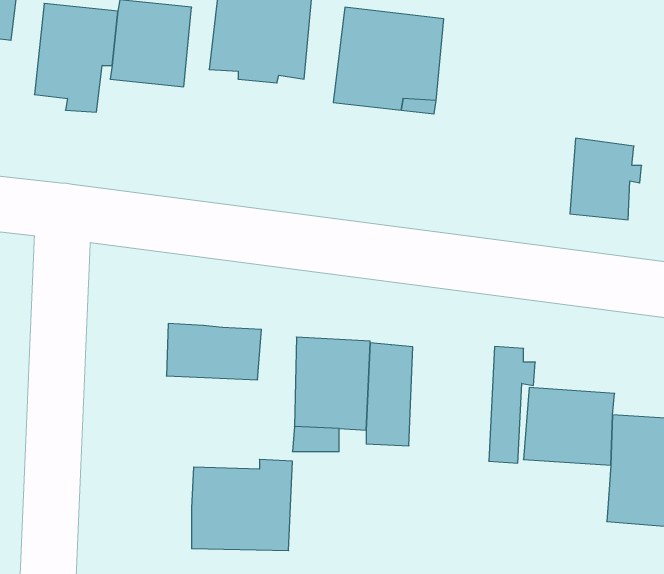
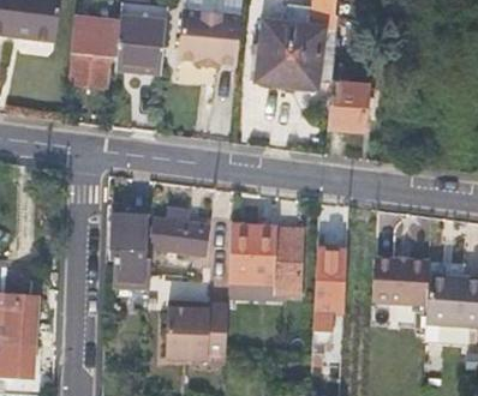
building: [570,138,642,220] -> [327,80,371,131]
building: none -> [108,214,149,287]
building: [489,347,535,463] -> [315,248,343,320]

